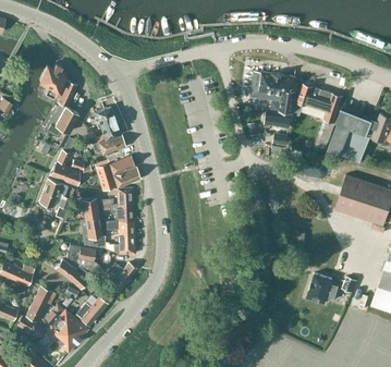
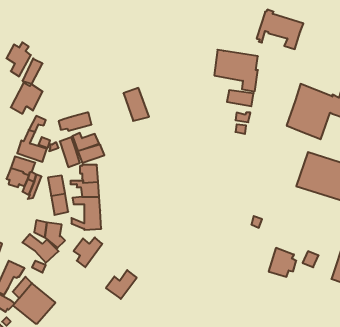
building: [294,83,342,123] -> [257,10,303,49]
building: [95,106,121,139] -> [123,88,149,121]
building: [76,296,108,326] -> [106,270,137,299]

